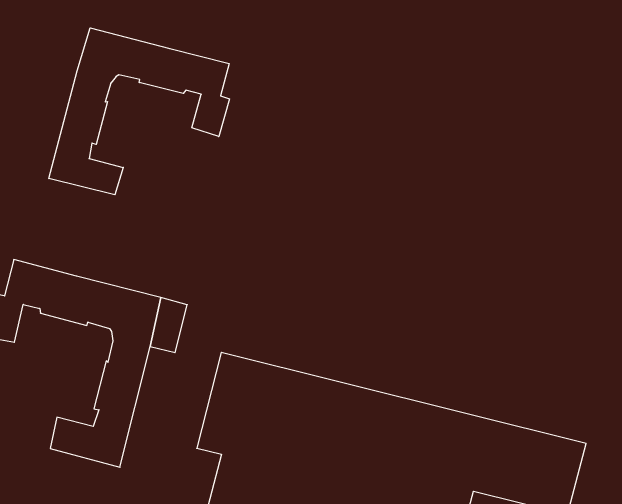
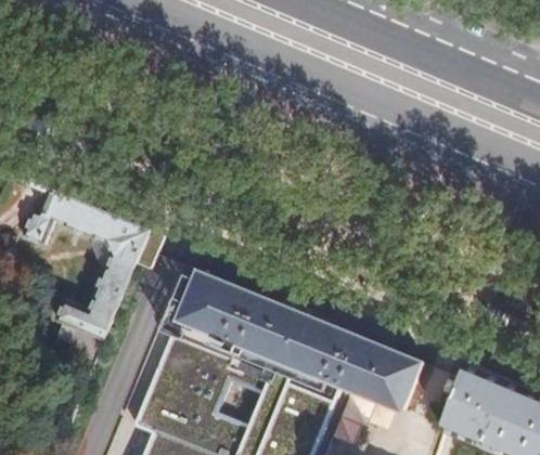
building: [49,28,230,195] -> none

